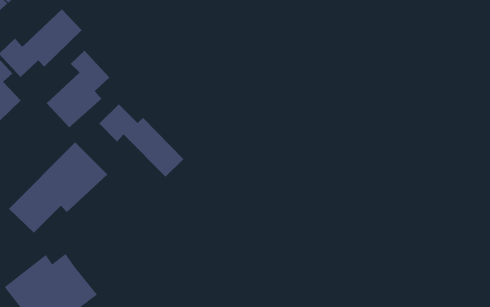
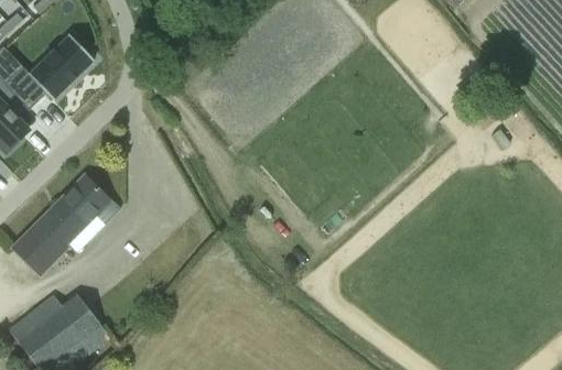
building: [46,50,110,128] -> none
building: [98,103,184,177] -> none

